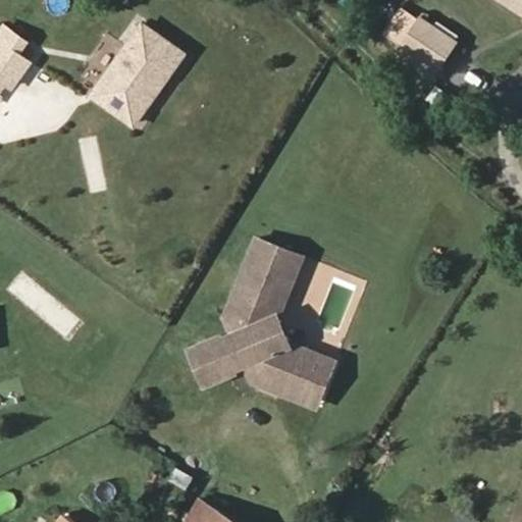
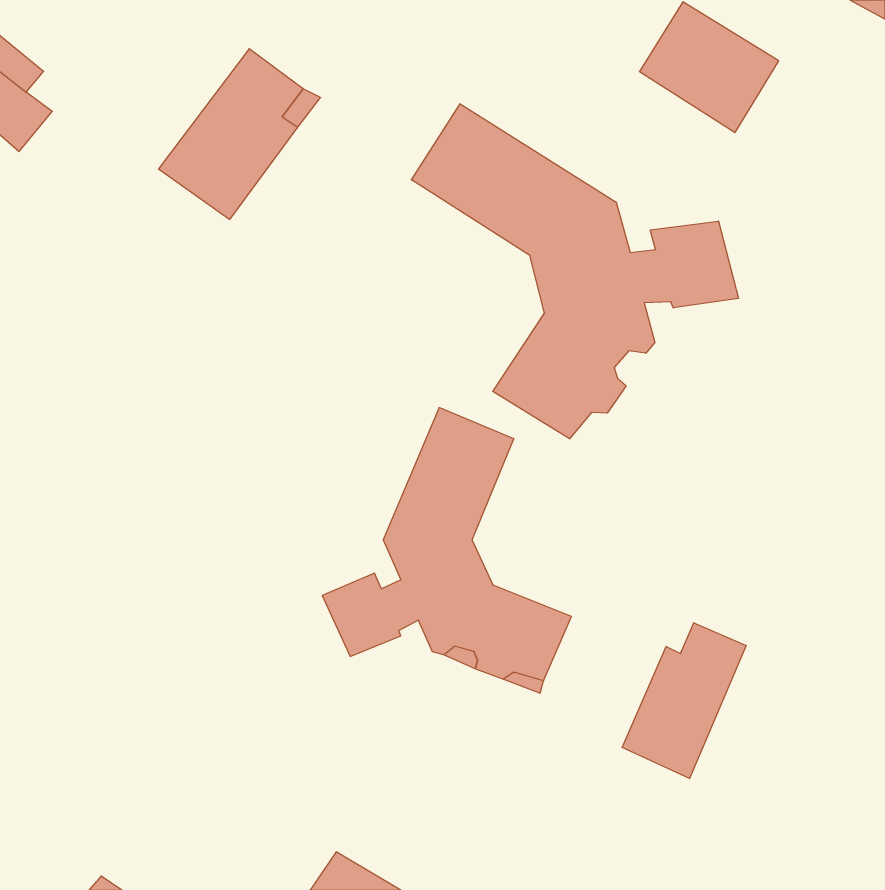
building: none -> [411,104,738,439]
building: none -> [622,623,746,779]

